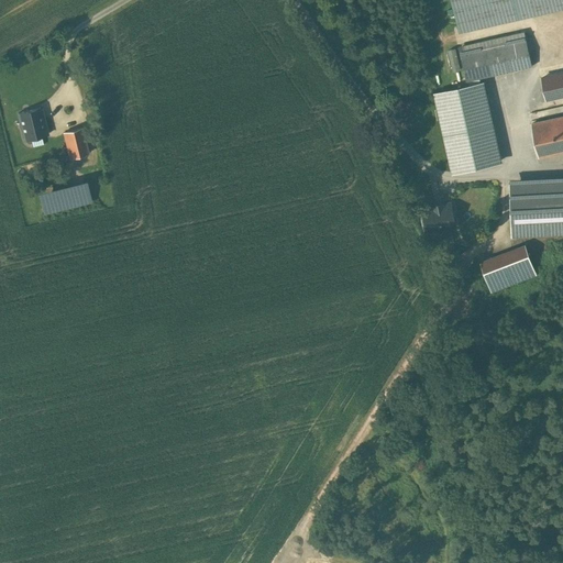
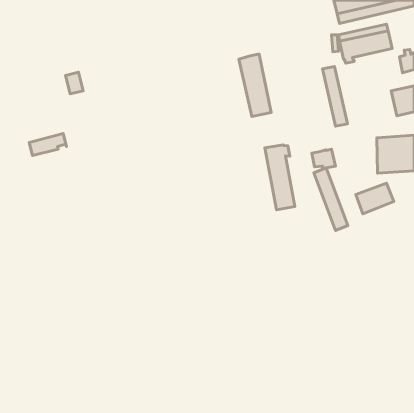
building: [454,85,498,169] -> [239,54,271,117]
building: [14,108,47,142] -> none
building: [64,129,88,158] -> [65,72,83,94]
building: none -> [265,145,295,210]
building: none -> [314,168,348,231]

